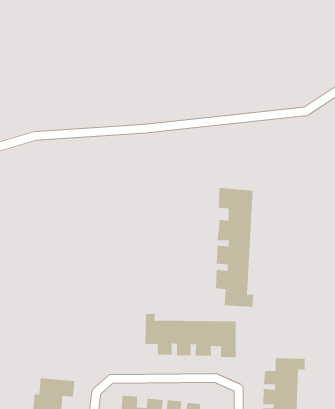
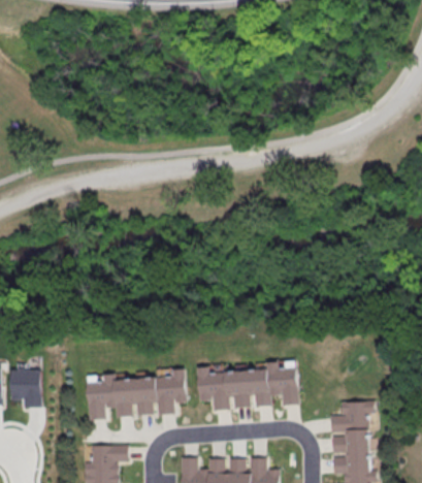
building: [215,187,254,307] -> none
building: none -> [86,367,187,421]

